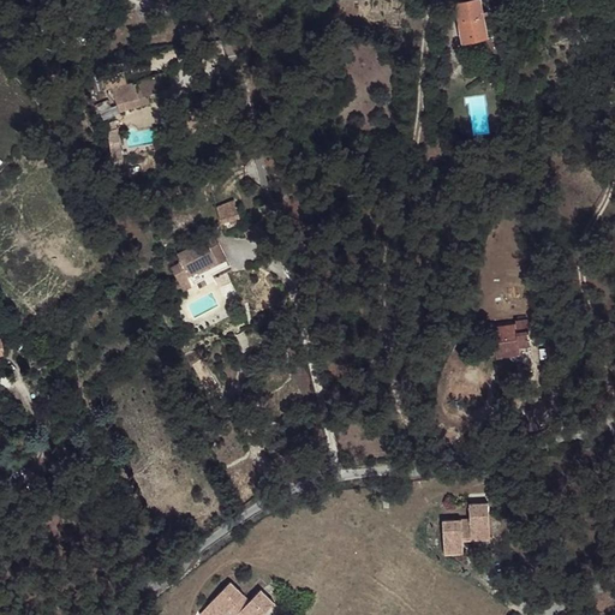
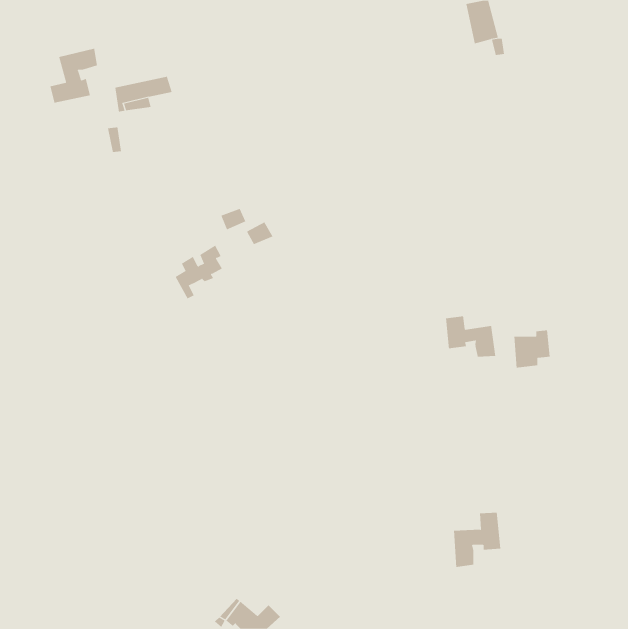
building: none -> [50,48,98,103]
building: none -> [445,316,496,358]

